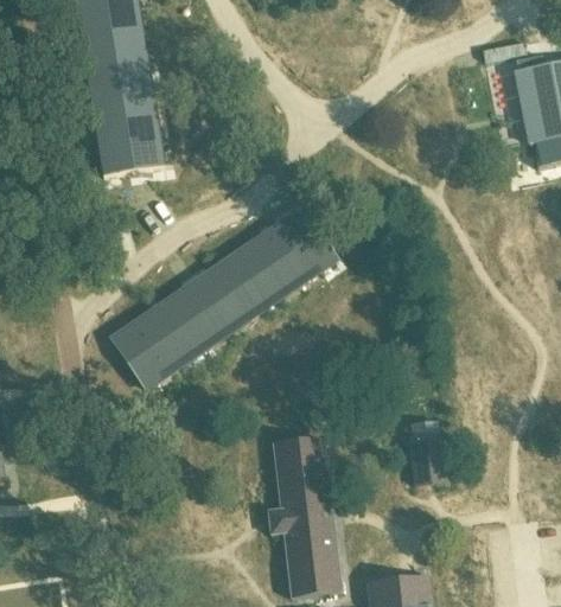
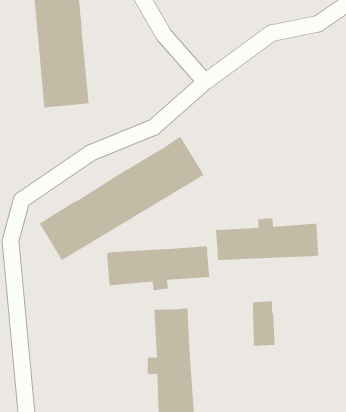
building: none -> [216,217,319,261]
building: none -> [106,245,210,291]

